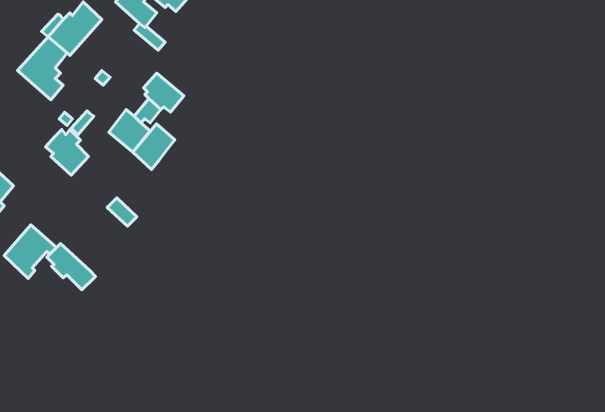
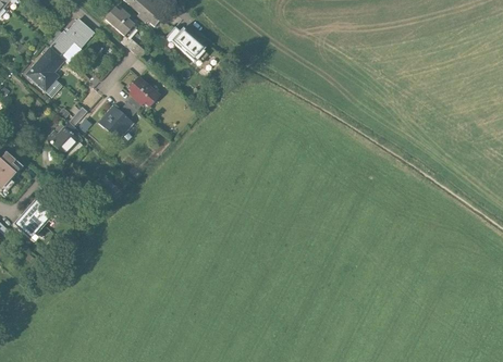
building: none -> [162,25,209,63]
building: [133,124,175,169] -> none
building: [47,244,95,290] -> none

